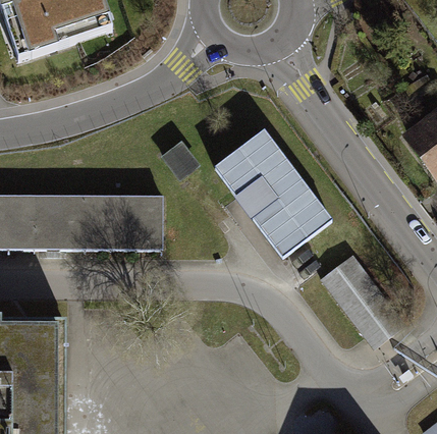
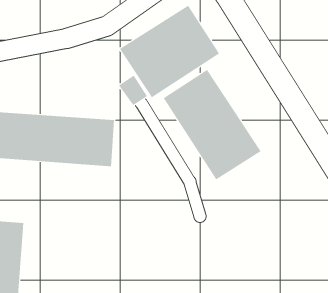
building: none -> [119,5,220,98]
building: [321,256,403,340] -> none

